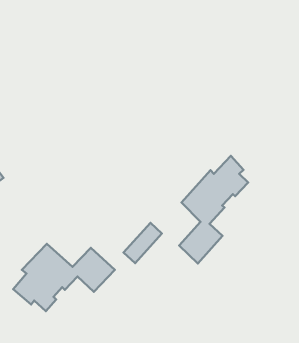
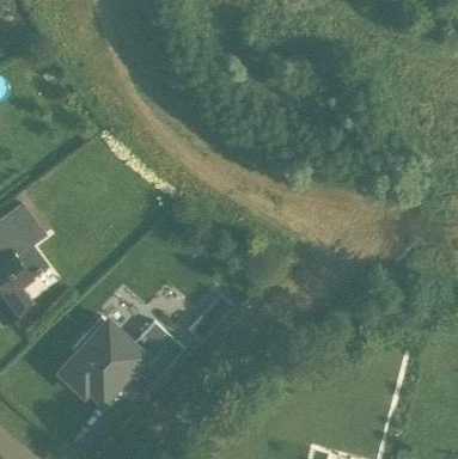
building: [179,156,248,263] -> none

